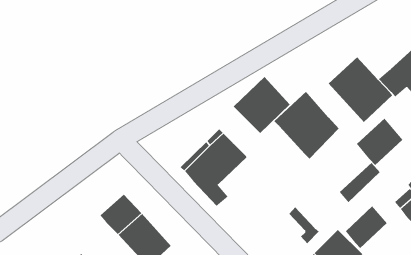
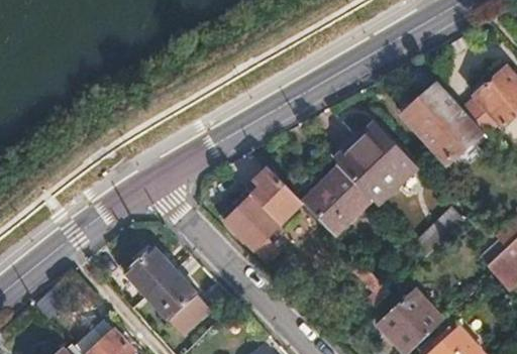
building: [233,76,290,134] -> [302,164,372,234]
building: [356,118,403,166] -> none
building: [345,206,387,249] -> none

